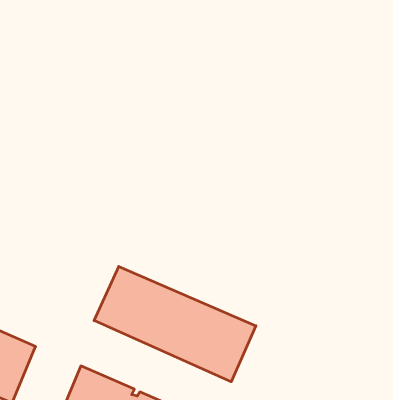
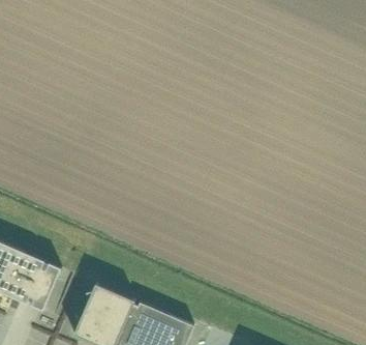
building: [94,266,256,382] -> none

